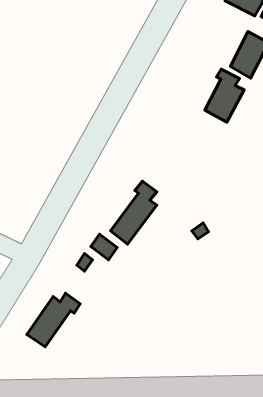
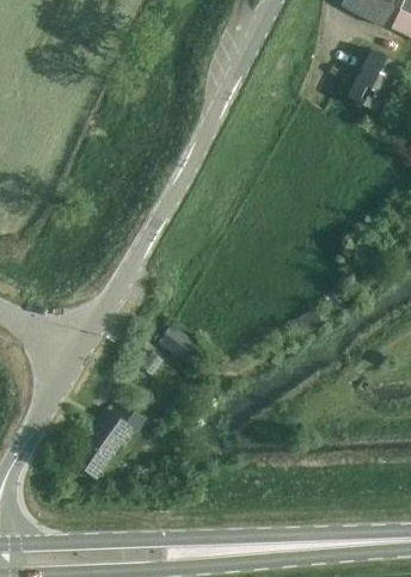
building: [205,69,244,122] -> none
building: [110,181,157,244] -> none

